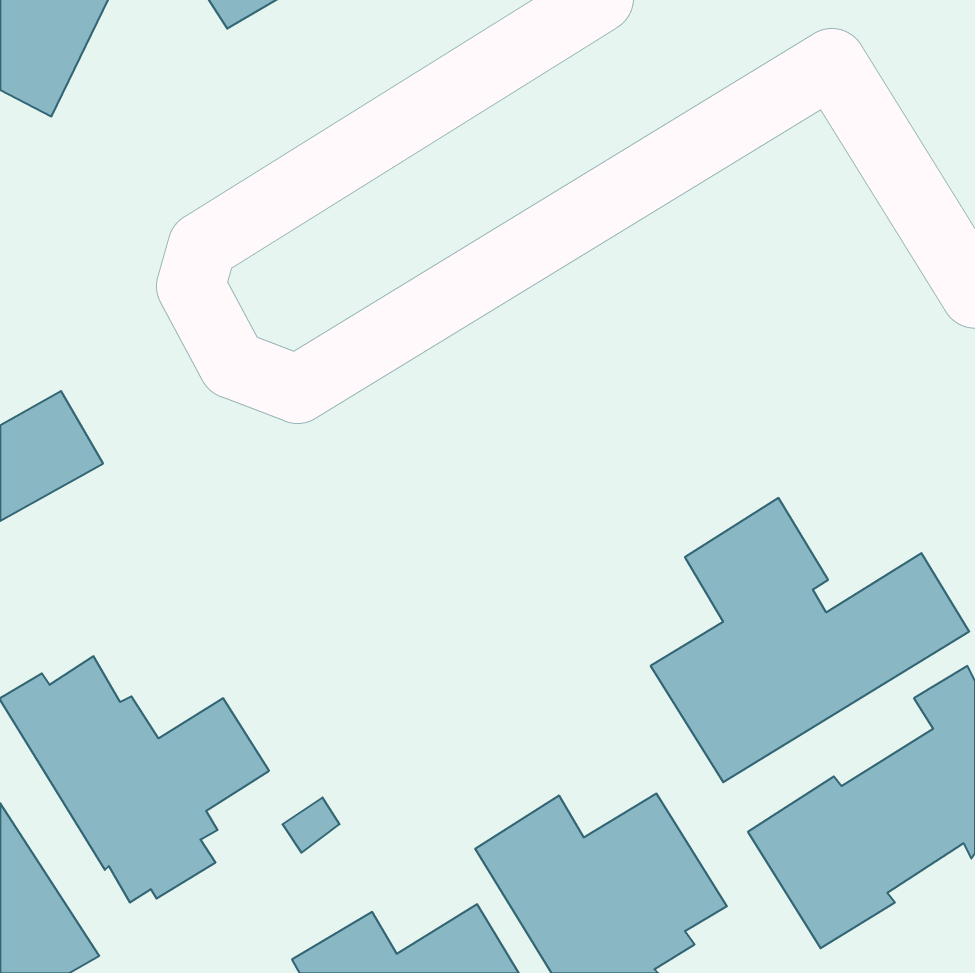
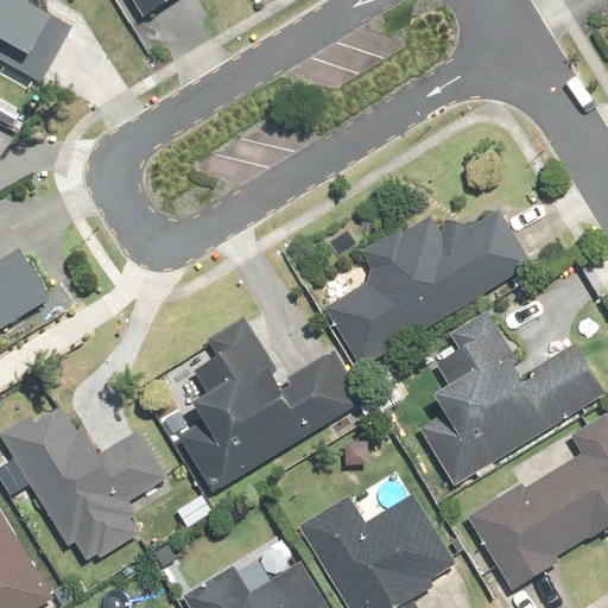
building: none -> [325,213,527,368]
building: none -> [186,319,362,489]

